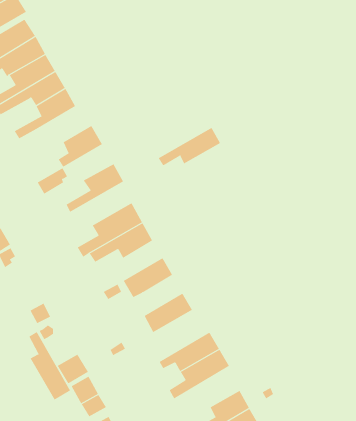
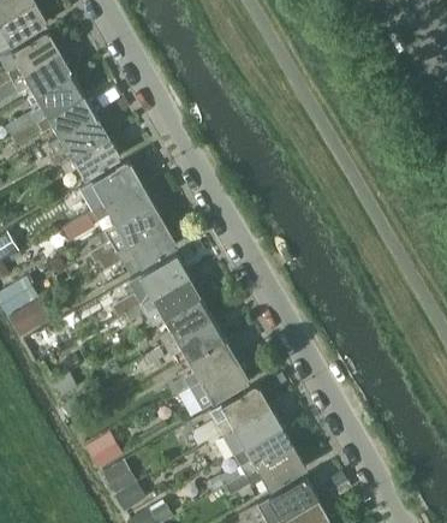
building: none -> [60,136,120,177]
building: [158,127,221,166] -> [100,226,175,273]
building: none -> [91,182,153,225]
building: none -> [159,297,211,345]
building: none -> [165,338,236,397]
building: none -> [191,385,268,448]
building: [28,331,71,400] -> none
building: none -> [225,447,305,497]

